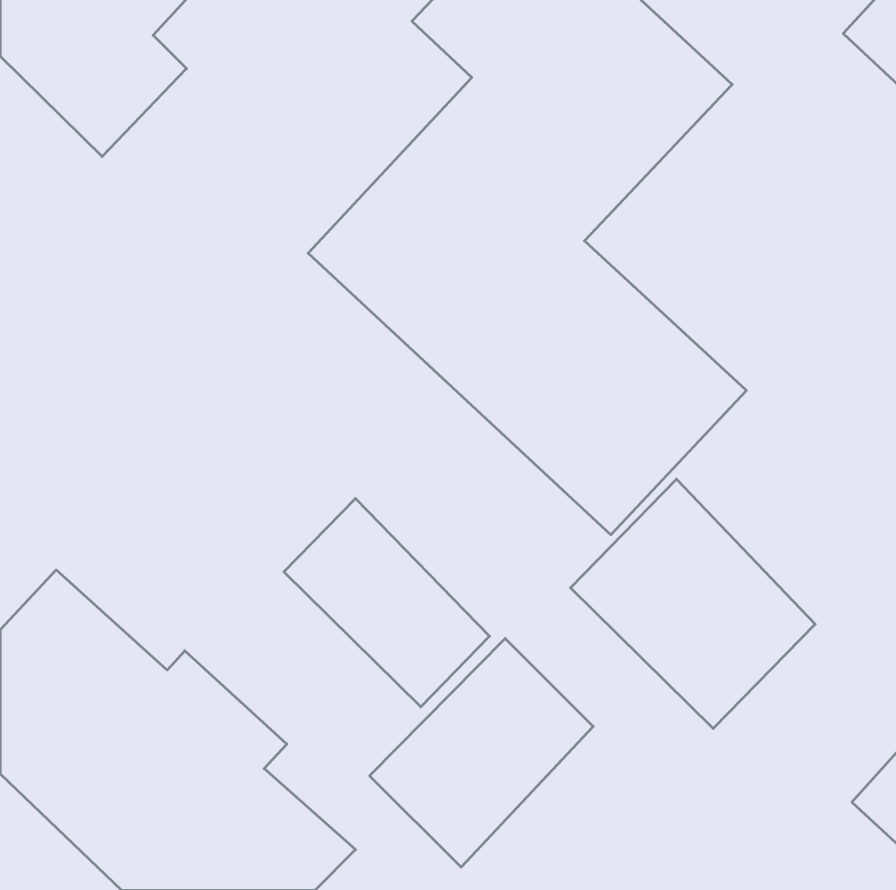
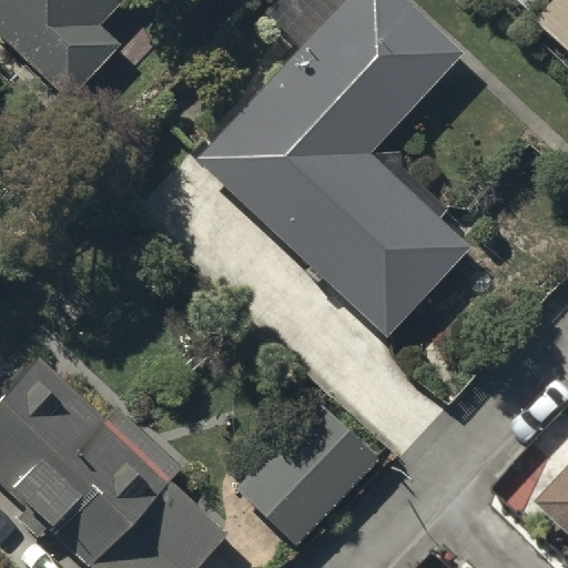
building: [570,479,815,729] -> none
building: [284,498,490,707] -> none

